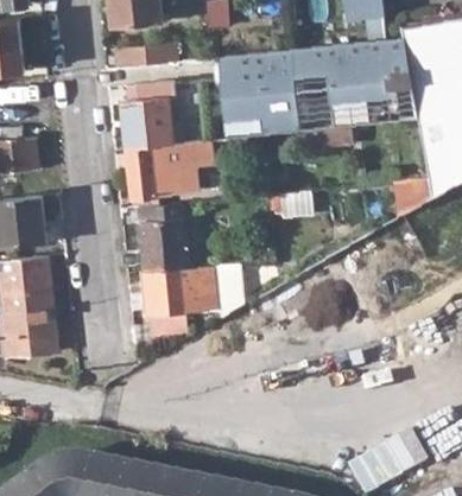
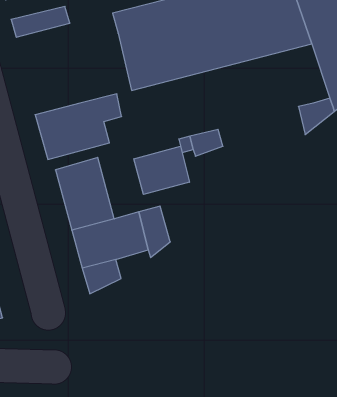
building: [119,97,171,148] -> none
building: none -> [134,146,189,194]

